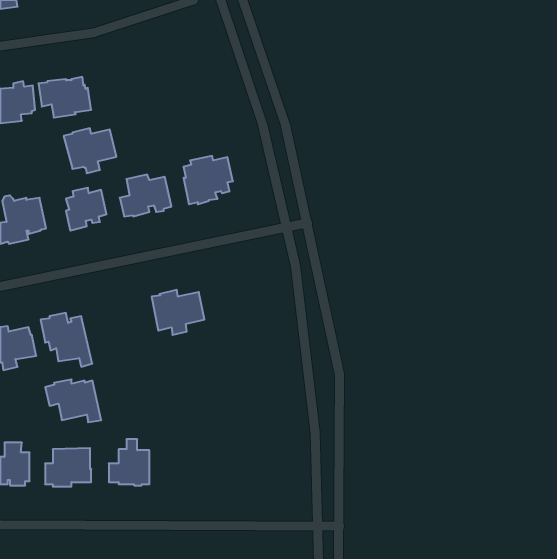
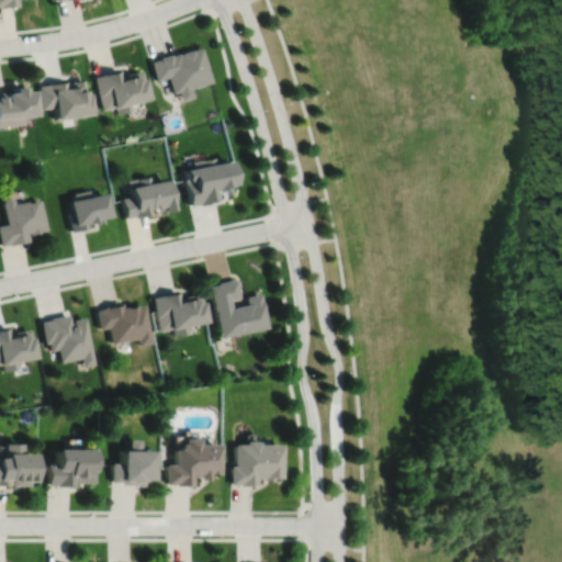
building: none -> [154,47,213,101]
building: [64,128,116,173] -> [98,69,150,114]
building: none -> [212,280,270,339]
building: [45,379,101,422] -> [98,304,154,347]
building: none -> [168,440,222,487]
building: none -> [233,443,284,488]

